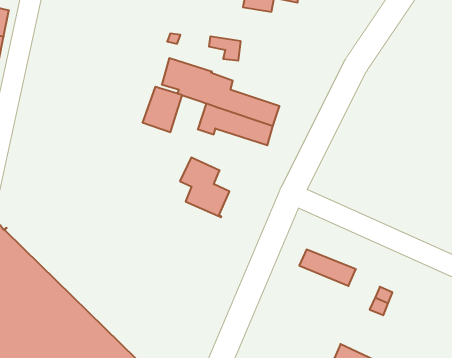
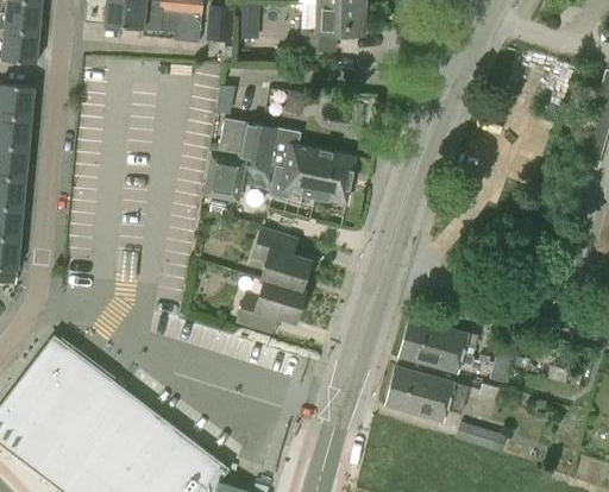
building: none -> [238,280,306,333]
building: none -> [396,338,472,373]
building: none -> [383,366,467,422]

